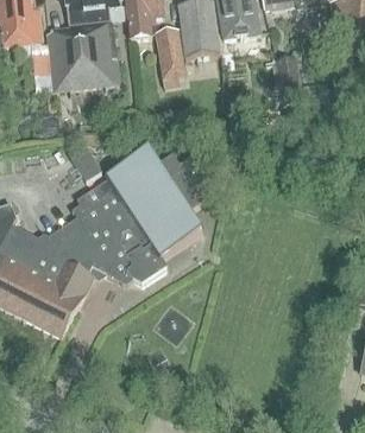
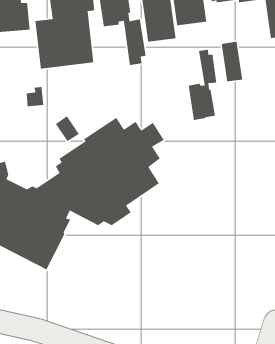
building: none -> [188,49,217,121]

